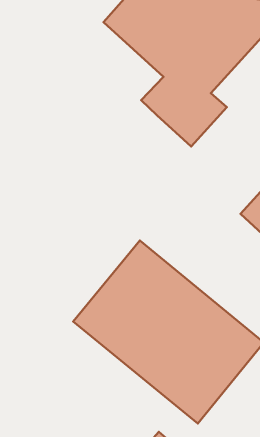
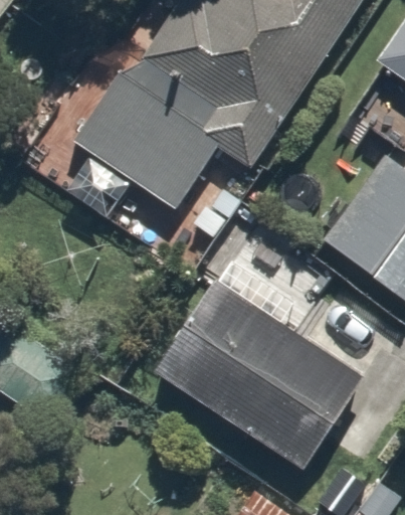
building: none -> [70,69,219,209]

